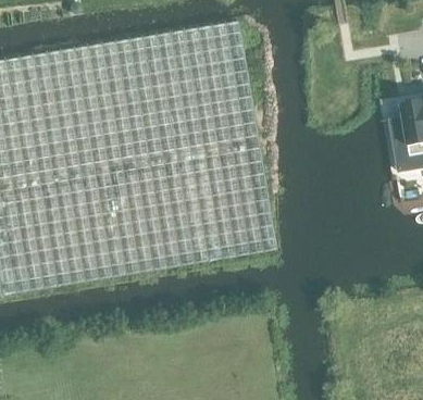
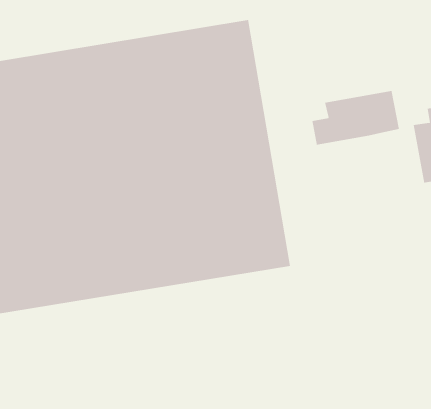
building: none -> [312,90,400,146]

